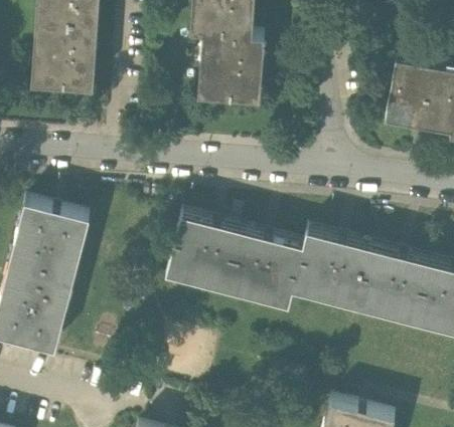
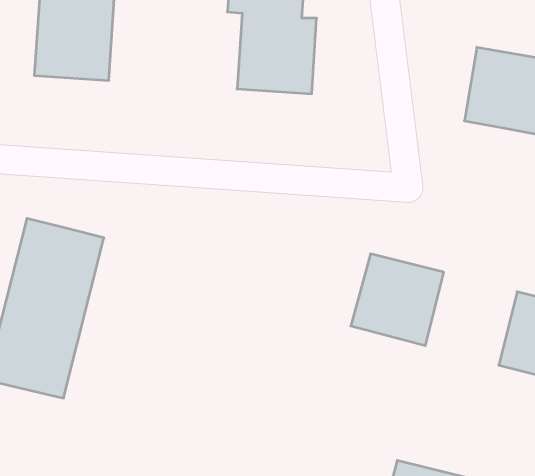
building: [166,216,304,308] -> none
building: [353,248,429,325] -> none

